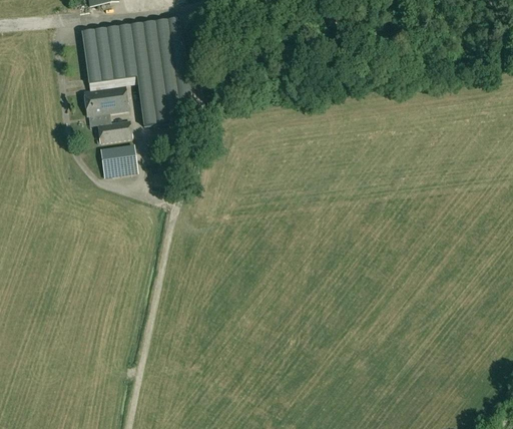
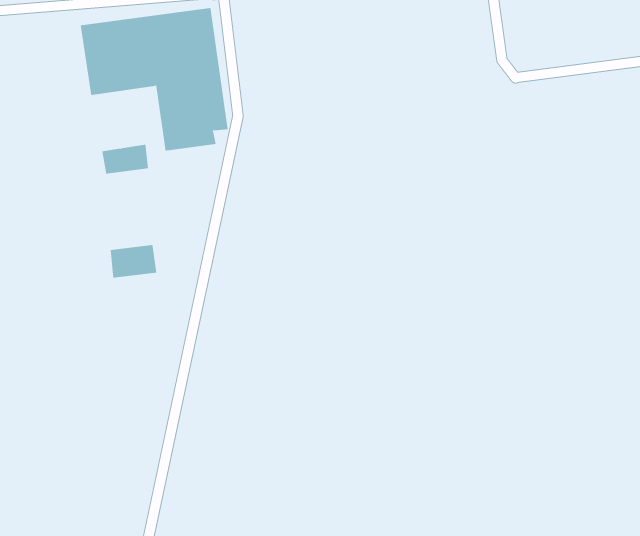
building: [82,86,126,126] -> none
building: [99,145,134,170] -> [110,244,157,278]

